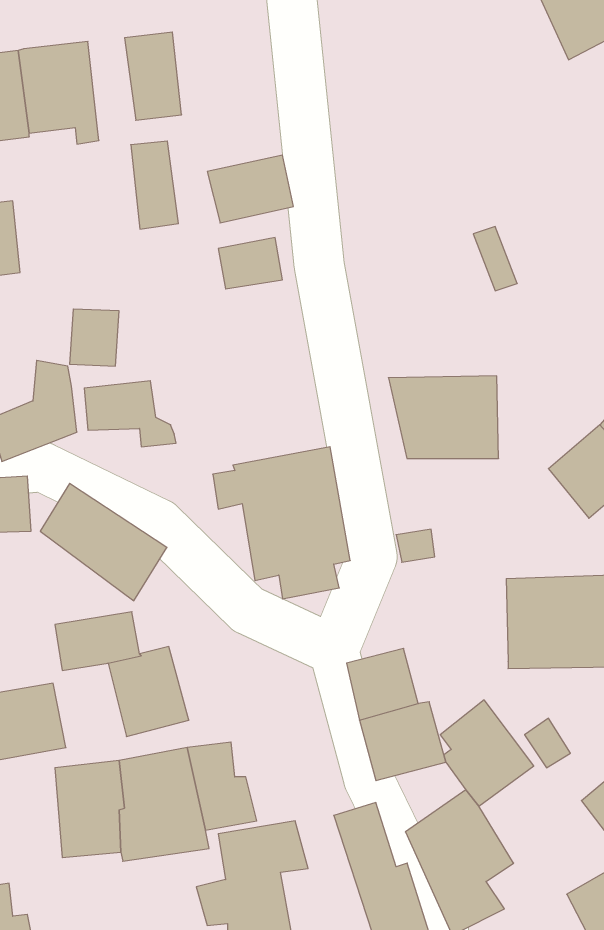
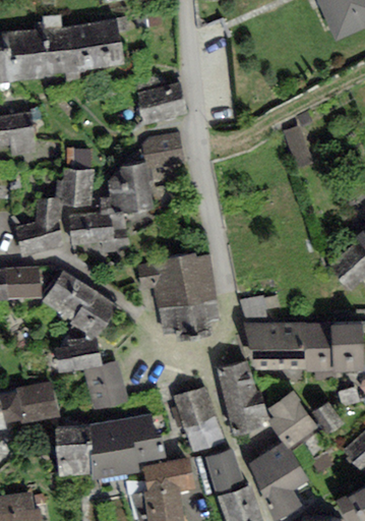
building: [131,141,178,229] -> [72,22,99,71]
building: none -> [108,164,154,214]
building: [388,376,499,458] -> [244,323,305,368]
building: none -> [176,386,222,447]

